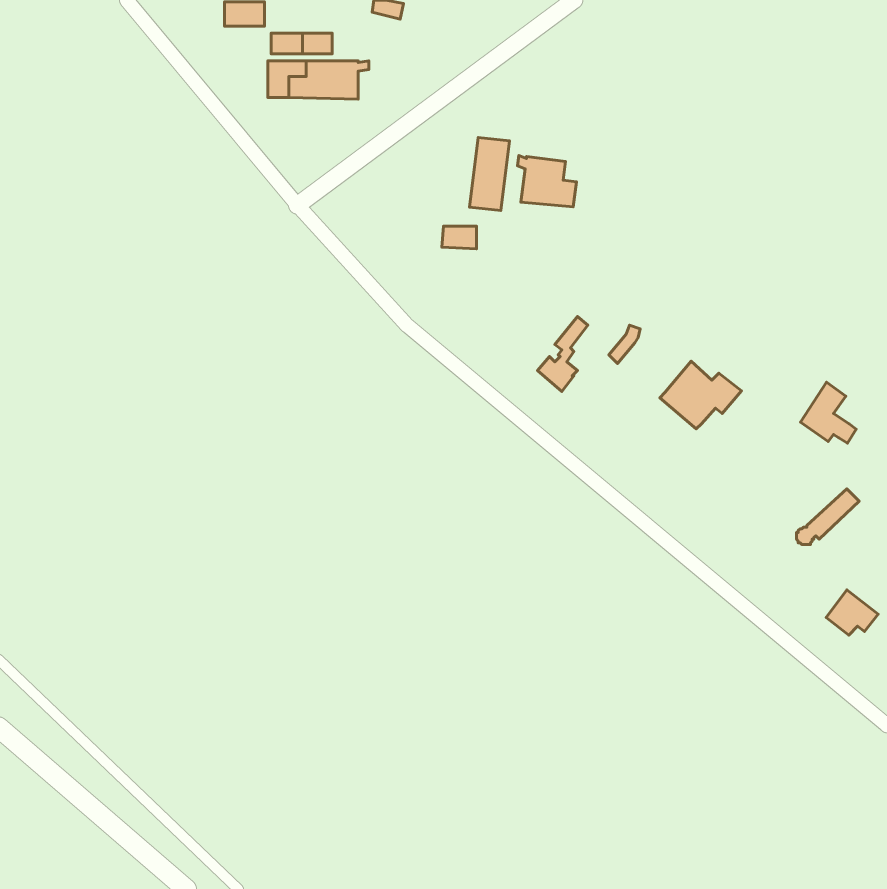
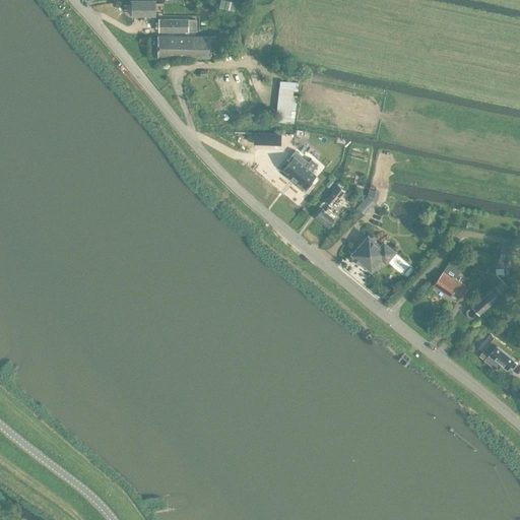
building: [518,156,576,207] -> none
building: none -> [281,149,316,186]
building: [660,361,741,429] -> [348,233,396,272]
building: [800,382,856,443] -> [434,261,466,297]

